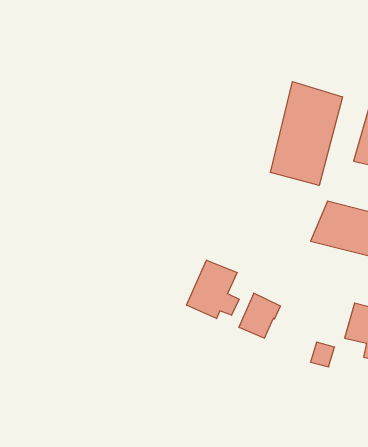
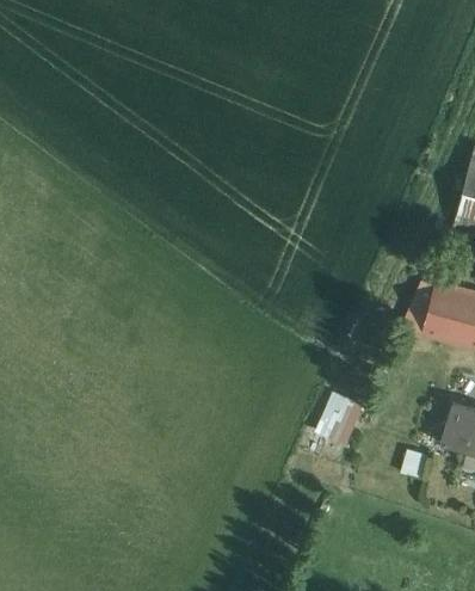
building: [270,82,342,186] -> none
building: [187,260,239,319] -> none

